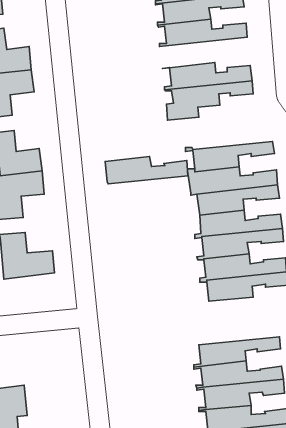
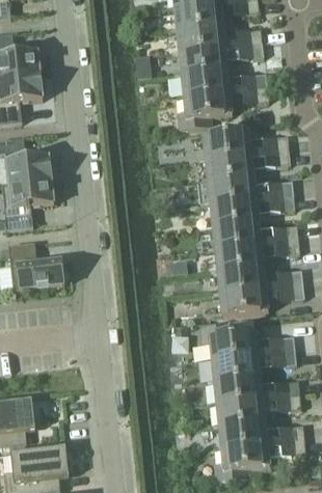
building: none -> [171,43,263,75]
building: [105,156,188,184] -> [203,130,288,158]
building: none -> [200,324,295,358]

